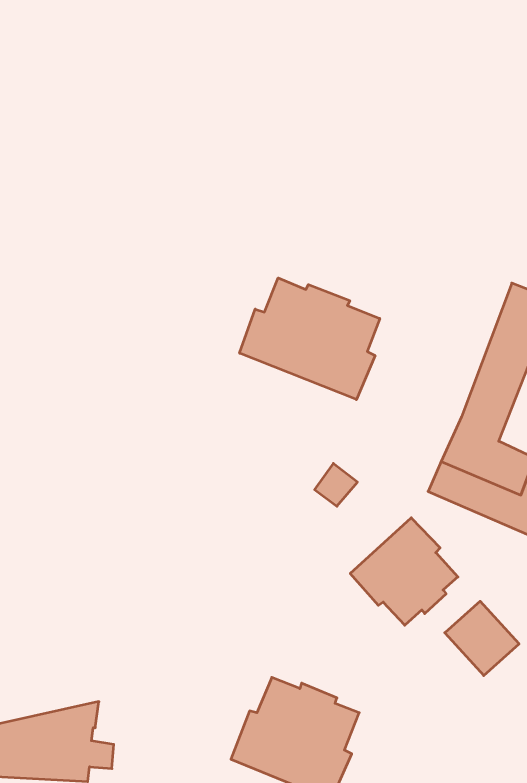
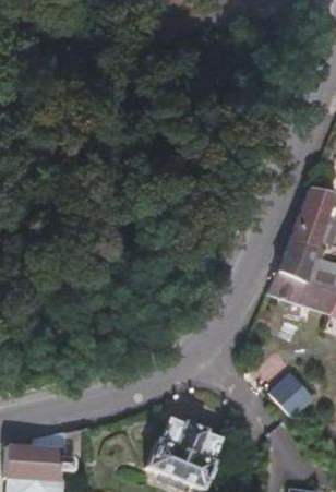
building: [240,278,380,400] -> none
building: [350,518,458,625] -> none

